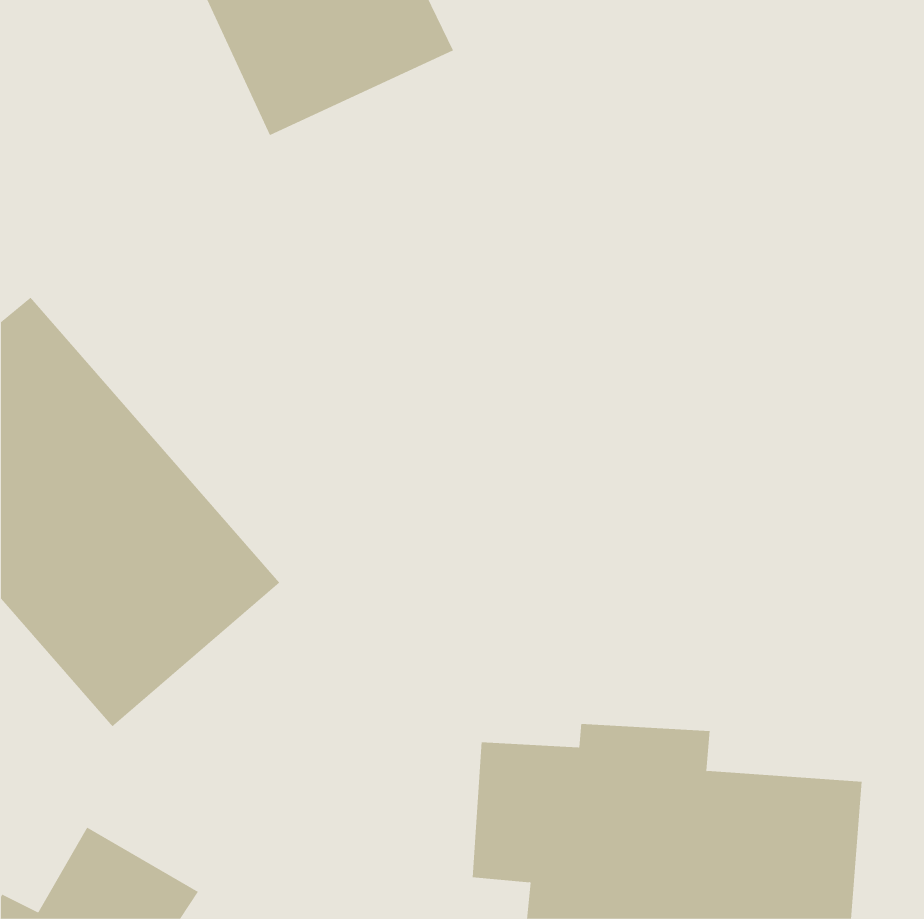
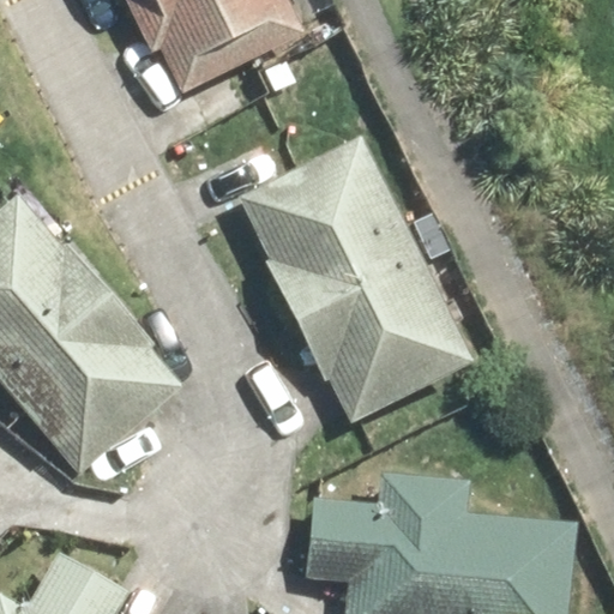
building: none -> [252,168,470,425]

